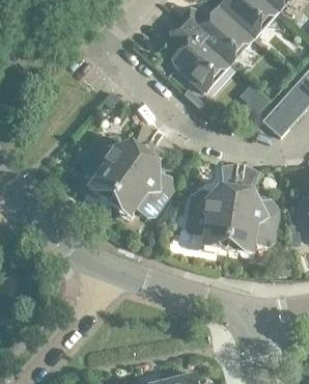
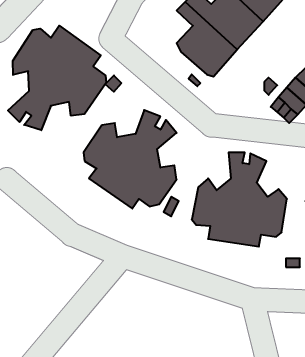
building: none -> [8,26,106,130]

